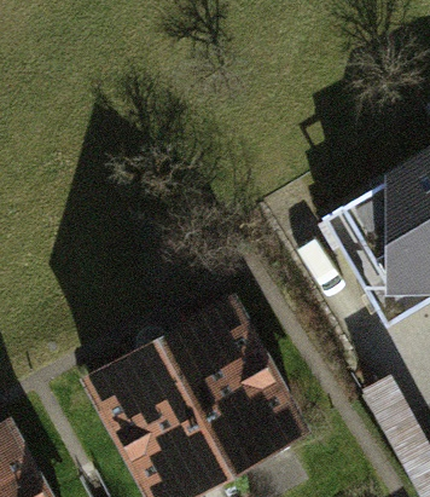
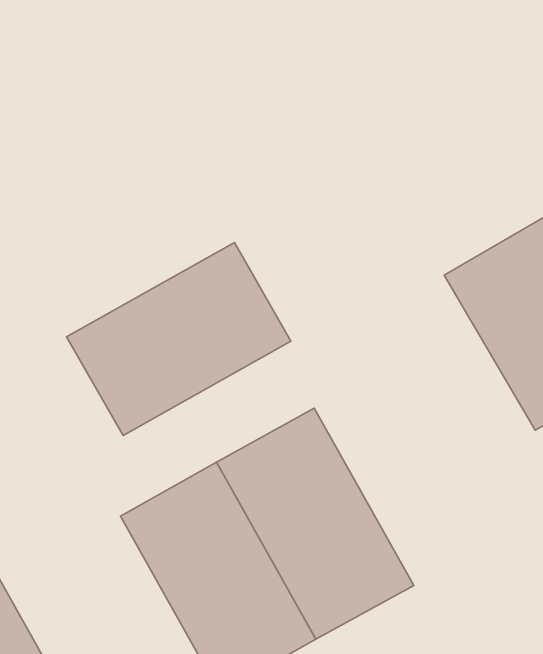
building: none -> [67,243,291,436]

